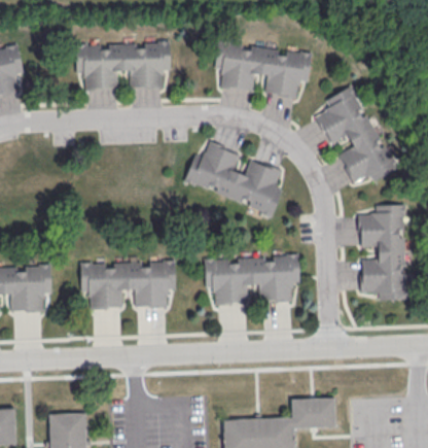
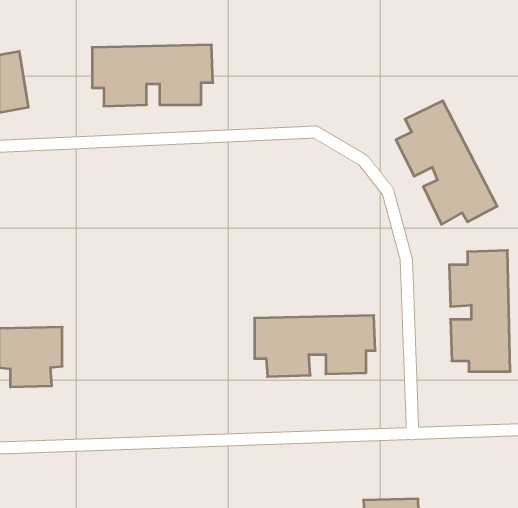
building: [215,39,313,97] -> none
building: [183,140,283,214] -> none
building: [80,260,177,308] -> none

